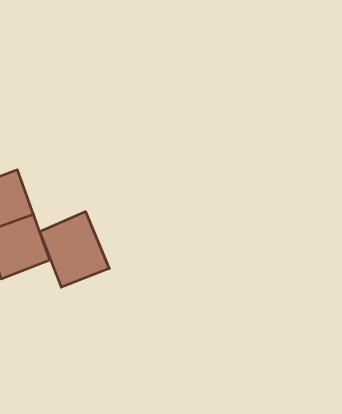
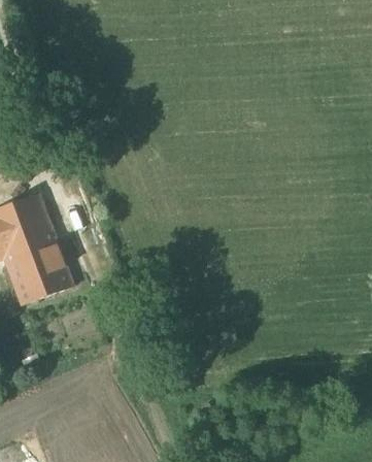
building: [40,212,109,287] -> none

